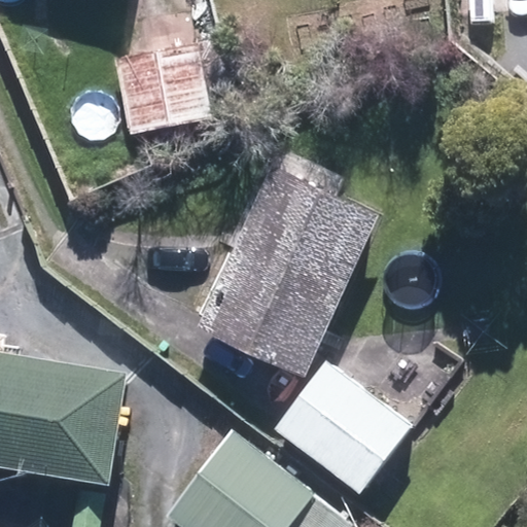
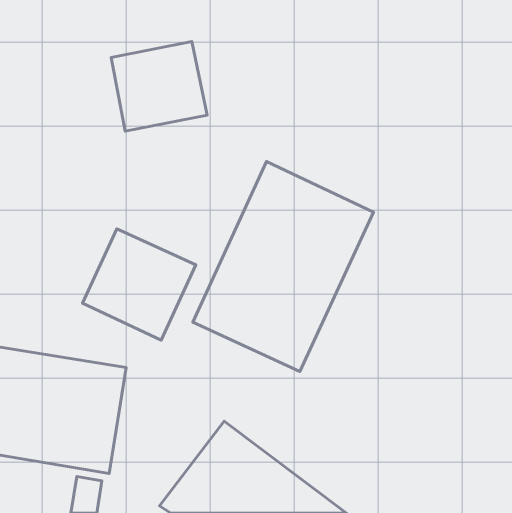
building: none -> [82,229,196,340]
building: [275,362,410,494] -> none

